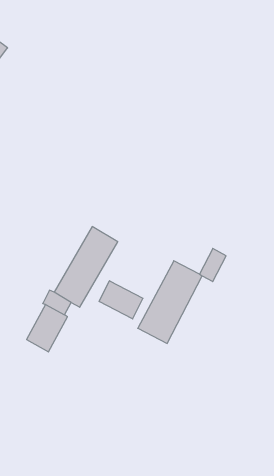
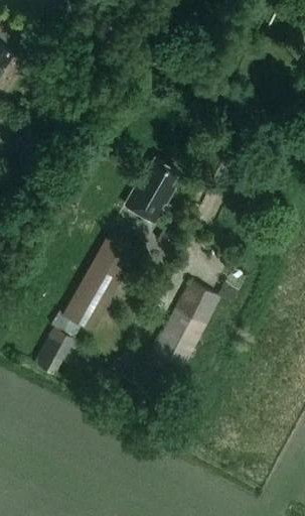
building: none -> [125,159,177,224]
building: [99,281,143,319] -> none

